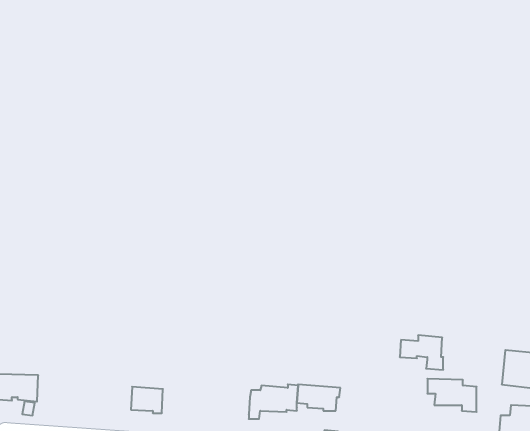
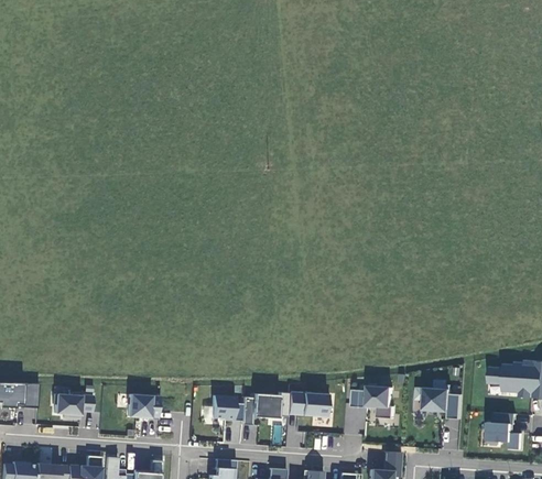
building: [400,335,443,370] -> [353,385,394,418]
building: none -> [53,393,94,418]
building: none -> [213,395,243,421]

